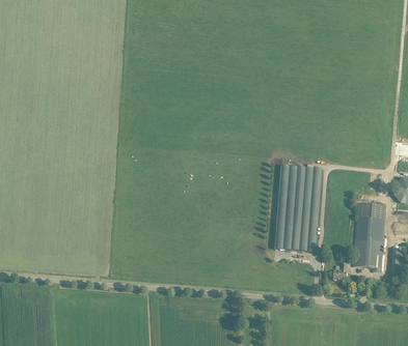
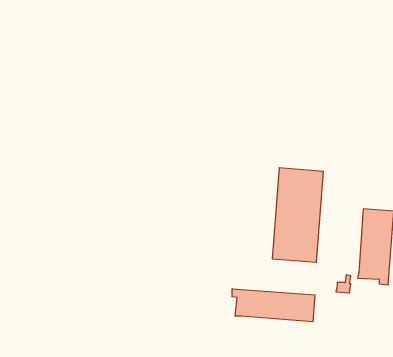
building: none -> [232,289,315,322]

